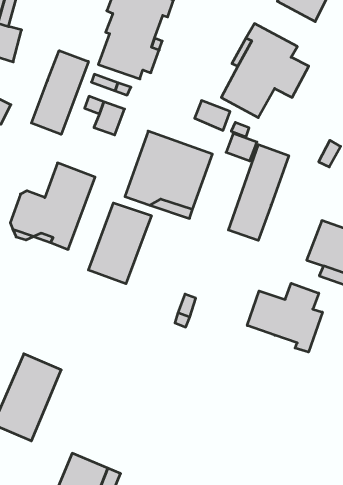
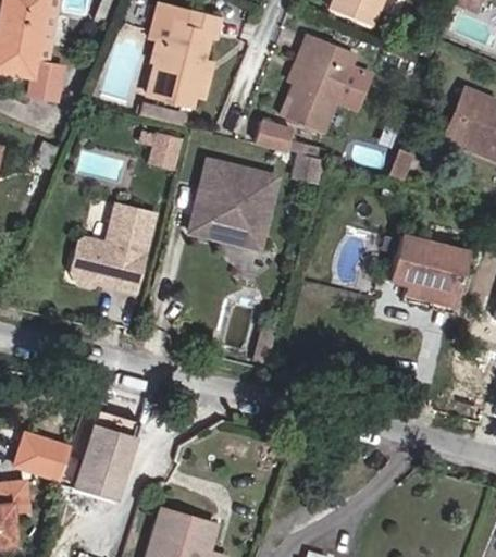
building: [31,51,88,134] -> none
building: [228,145,289,240] -> none
building: [88,203,151,284] -> none
building: [247,283,322,352] -> none

